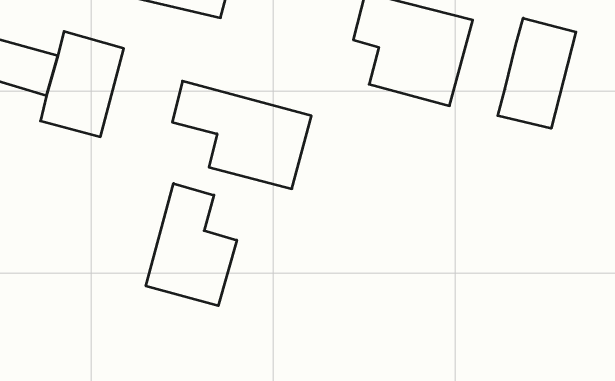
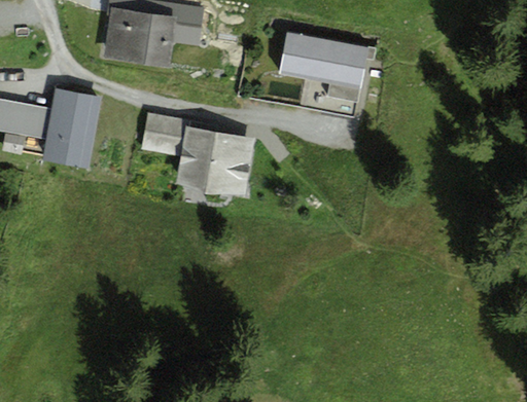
building: [498,18,576,128] -> none
building: [146,183,237,306] -> none

